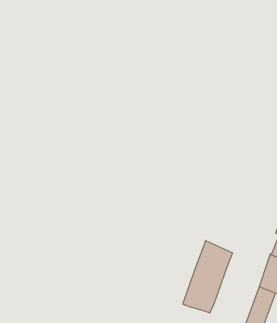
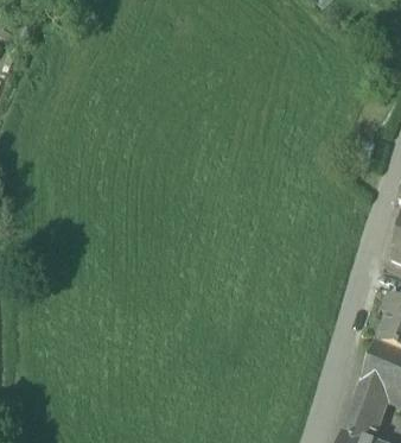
building: [183,240,232,313] -> none

